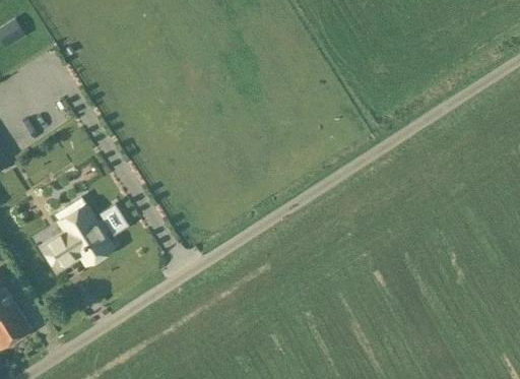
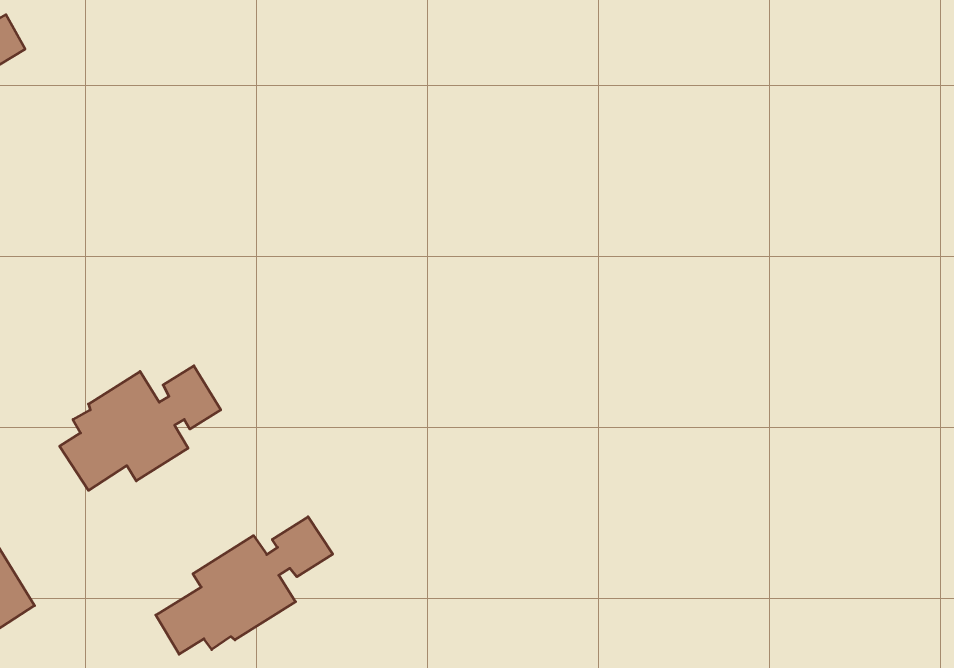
building: none -> [156,517,333,654]

